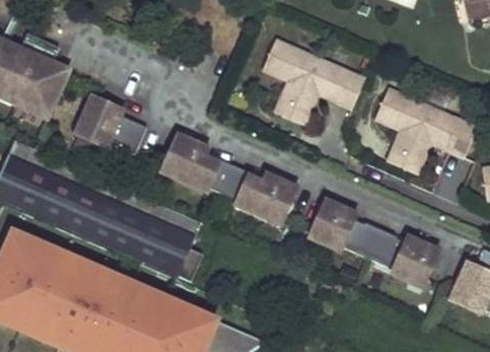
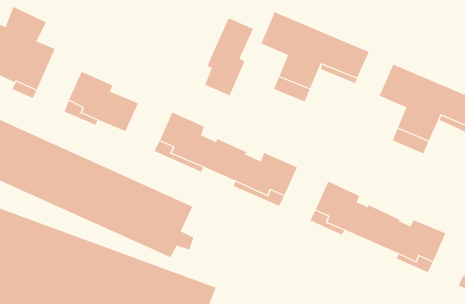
building: none -> [205,17,254,96]

